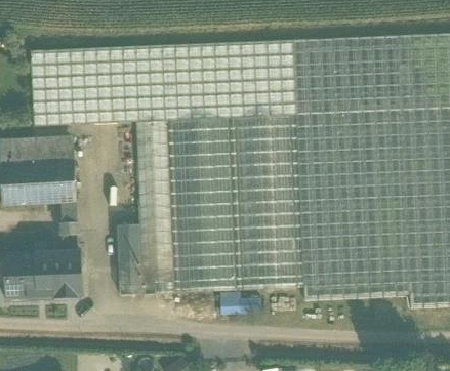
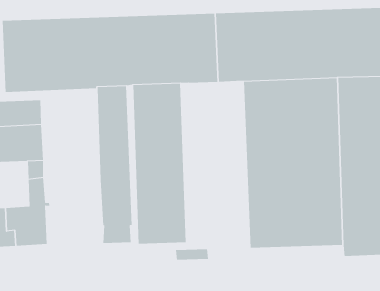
building: [238,115,297,291] -> none
building: [118,223,145,294] -> none

